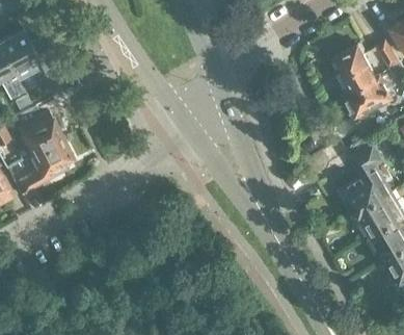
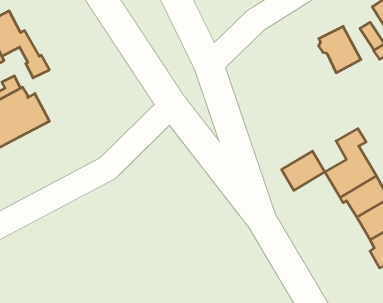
building: [343,76,390,118] -> none
building: [19,139,73,192] -> none
building: none -> [282,151,325,190]

